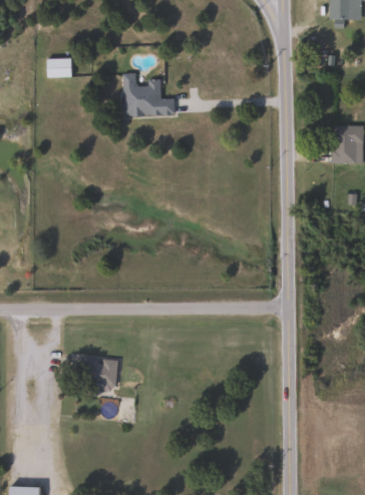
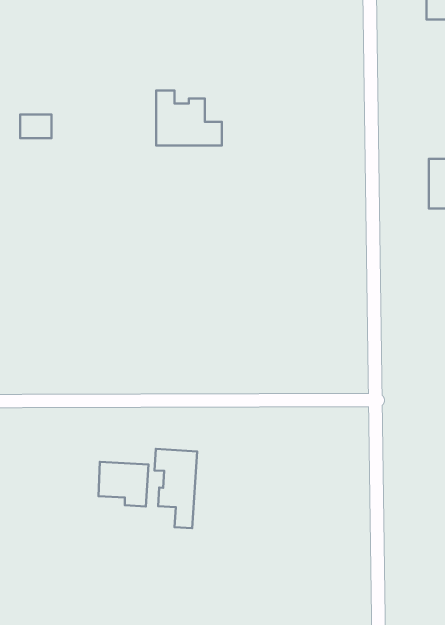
building: [47,58,71,76] -> [20,115,52,138]
building: none -> [154,449,197,528]

